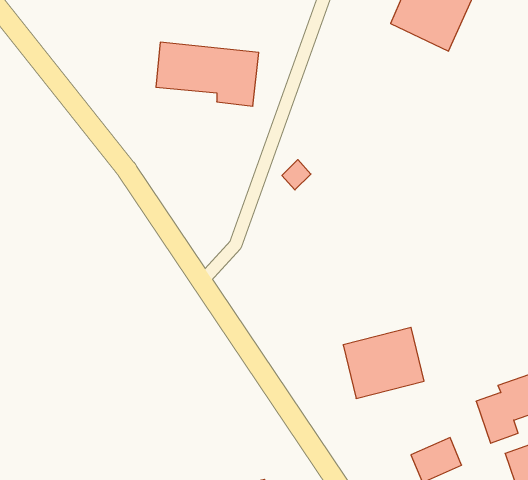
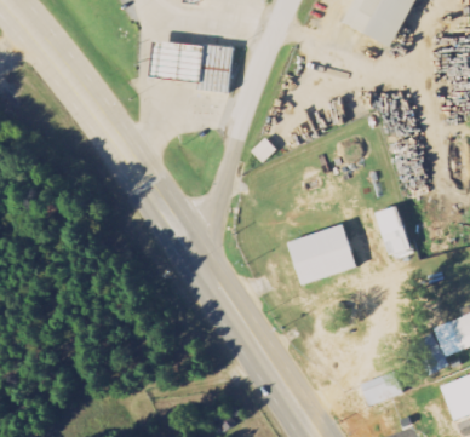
building: none -> [374,205,411,255]
building: [343,327,424,398] -> [287,224,355,283]

